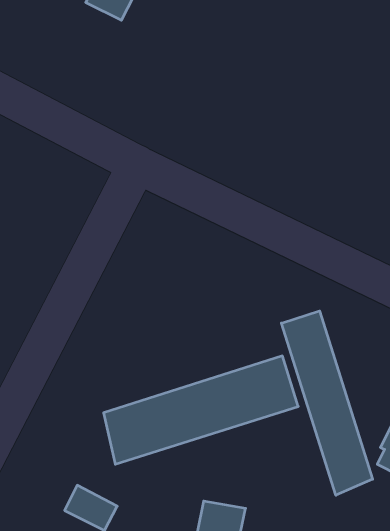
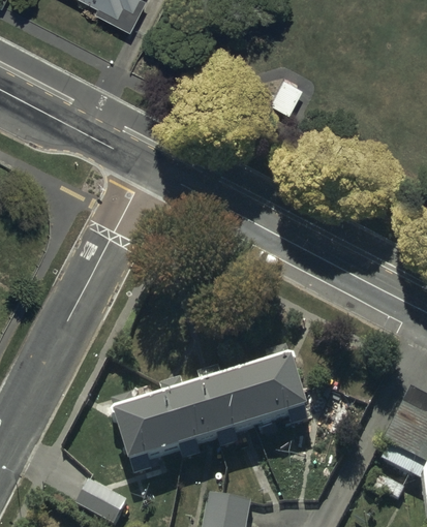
building: [281,311,373,495] -> none

